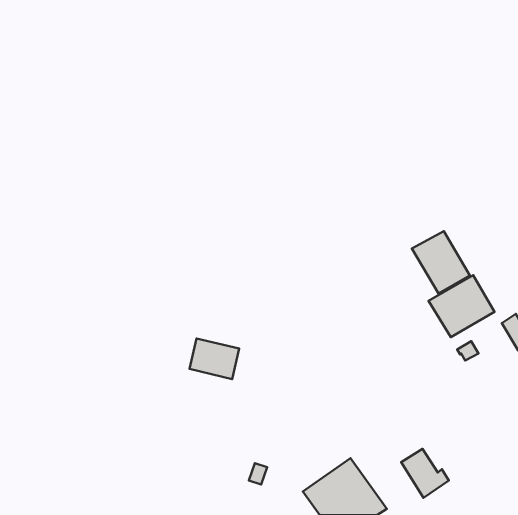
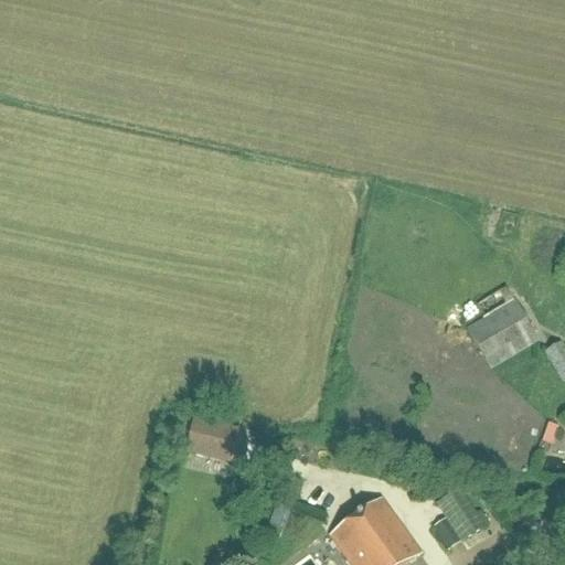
building: [412,231,470,294] -> none
building: [189,338,239,379] -> [185,417,239,461]

